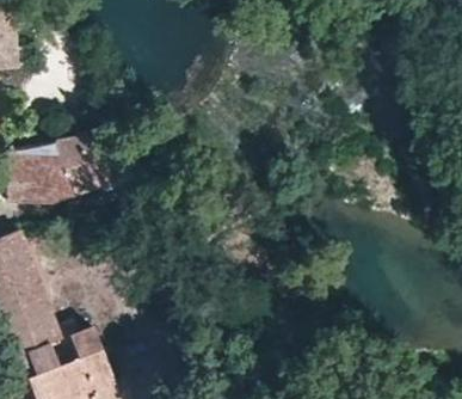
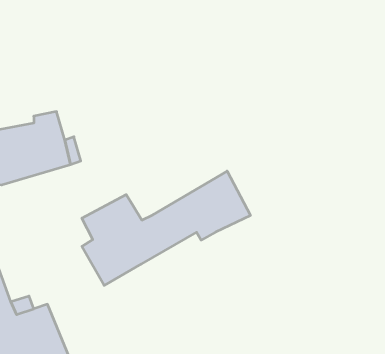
building: none -> [82,171,250,285]

